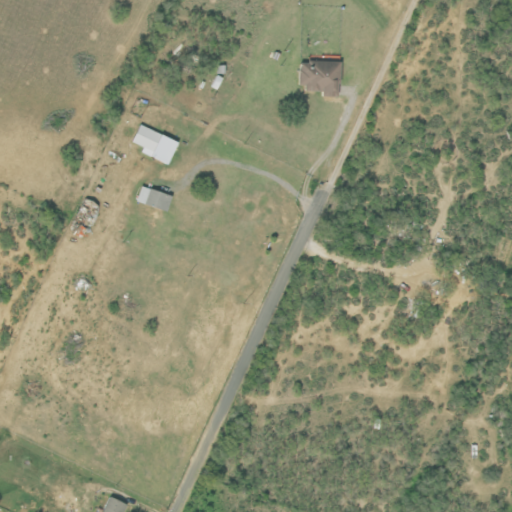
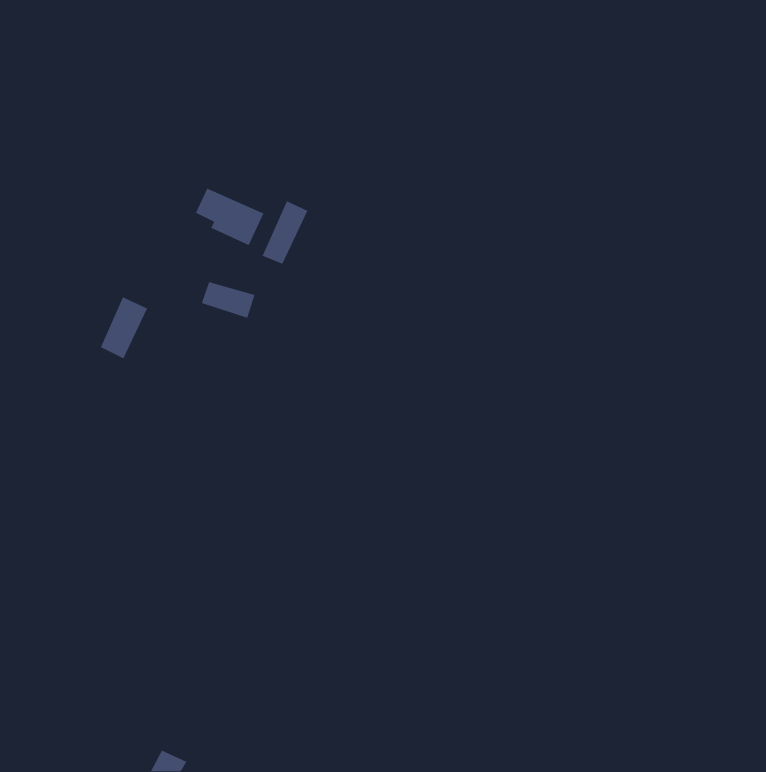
building: [300,60,341,92] -> none
building: none -> [262,200,309,265]

